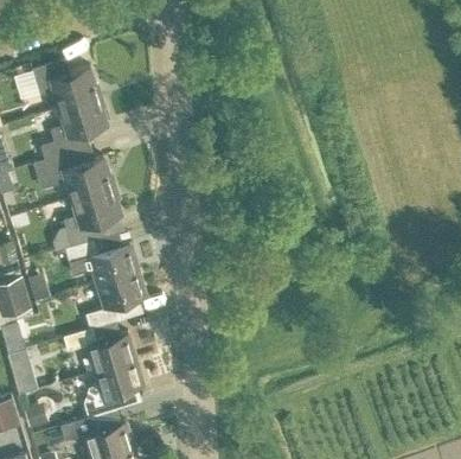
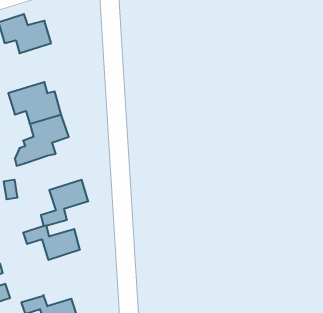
building: [40,96,108,160] -> none
building: [65,240,137,283] -> none
building: [83,359,143,419] -> none

